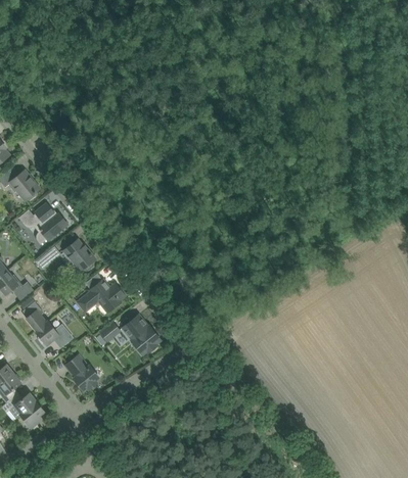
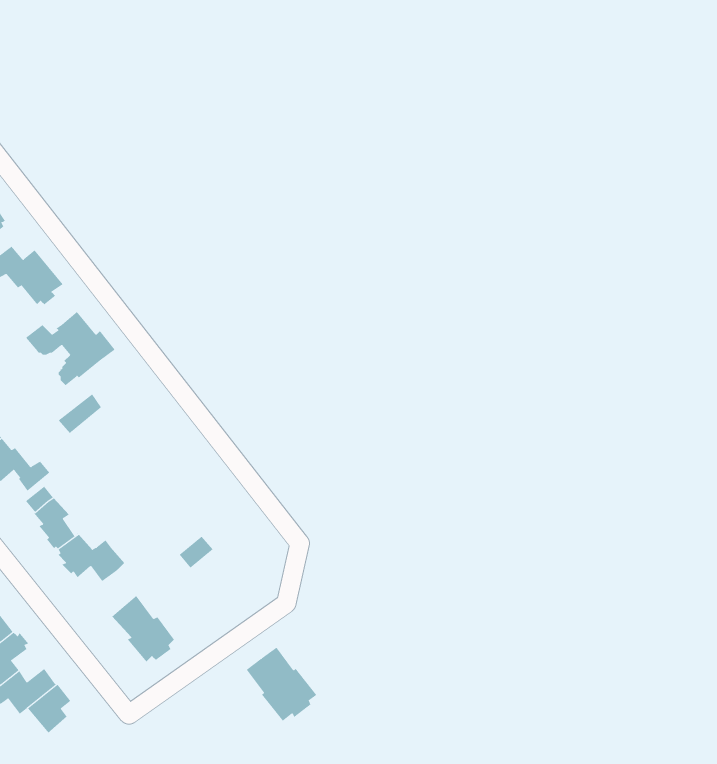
building: [64,239,96,273] -> none
building: [78,279,126,313] -> none
building: [123,315,161,354] -> [246,647,317,722]

